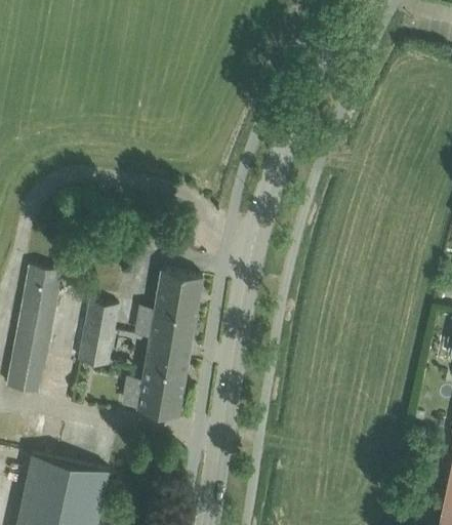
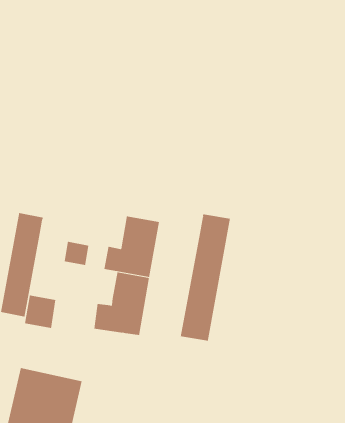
building: none -> [180,213,231,341]
building: [74,326,113,367] -> [24,295,56,329]

